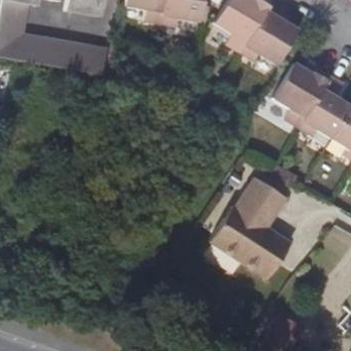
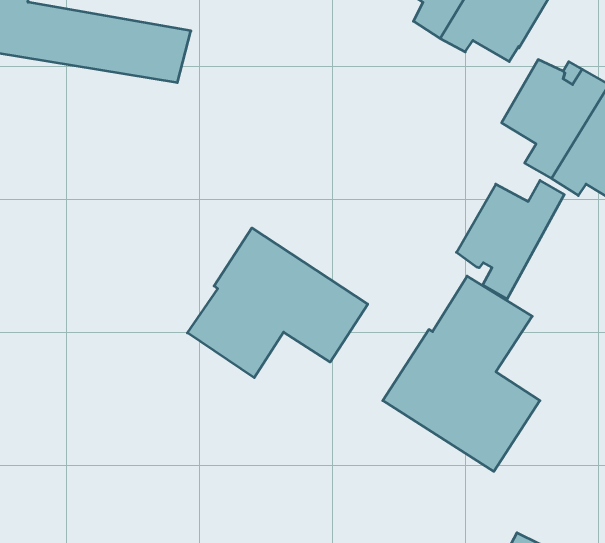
building: none -> [456,180,564,299]
building: none -> [187,228,368,378]

